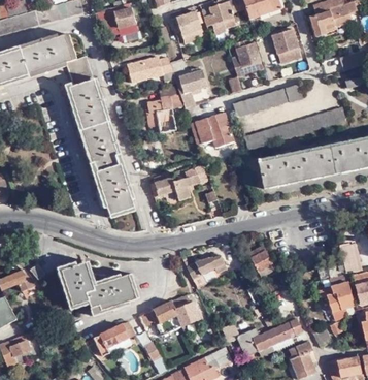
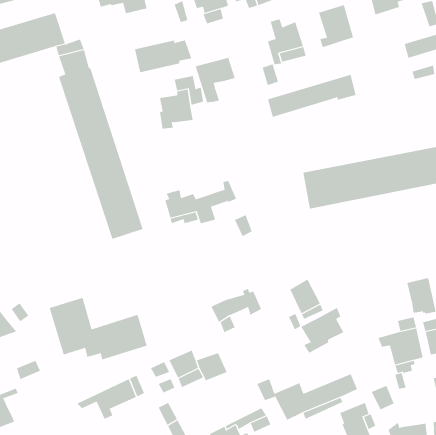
building: [242,106,345,149] -> none
building: [190,113,233,147] -> none
building: none -> [301,307,344,353]

